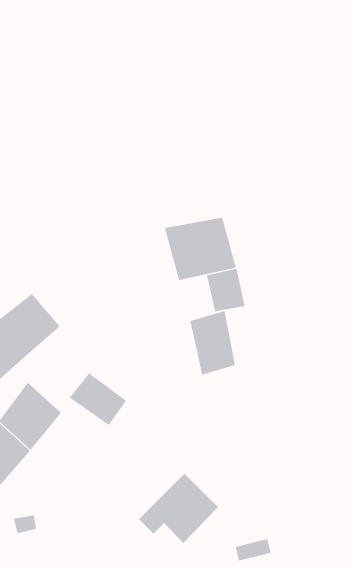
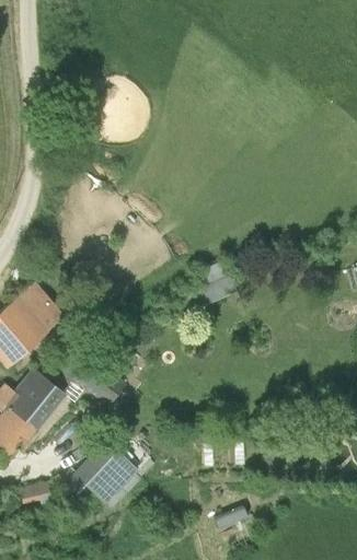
building: [164,217,236,281] -> none
building: [190,310,236,375] -> none
building: [138,473,219,544] -> [64,442,138,508]

